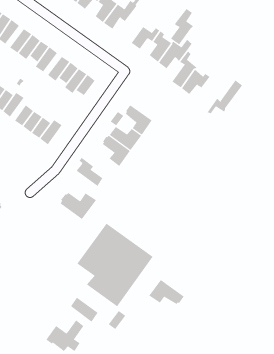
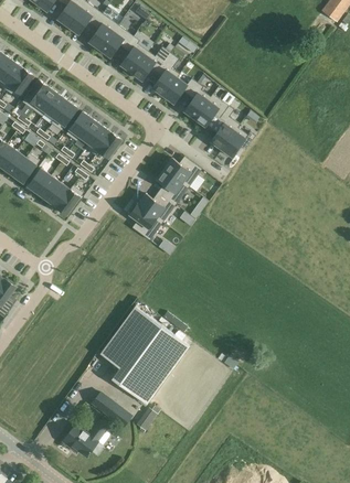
building: [170,8,194,45] -> [151,54,179,97]
building: [207,80,243,114] -> none
building: none -> [161,159,201,187]
building: [76,157,103,187] -> none
building: [60,192,97,220] -> none
building: [149,279,185,305] -> none

